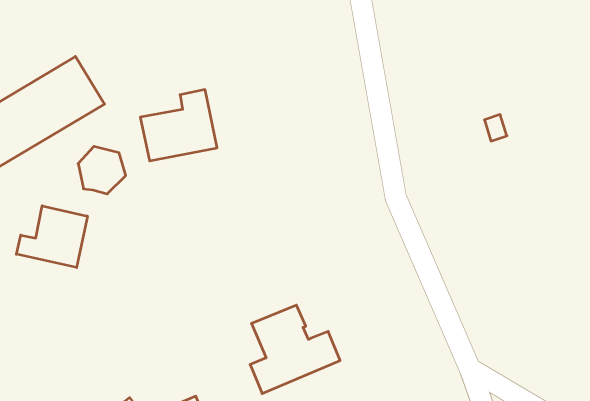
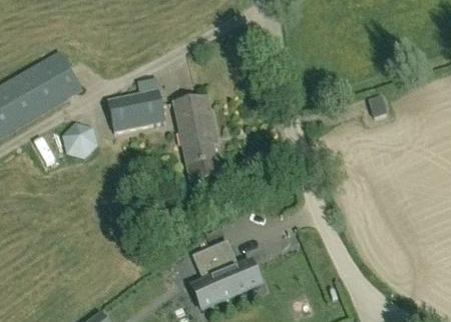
building: none -> [172,95,220,182]
building: [16,206,87,268] -> none

